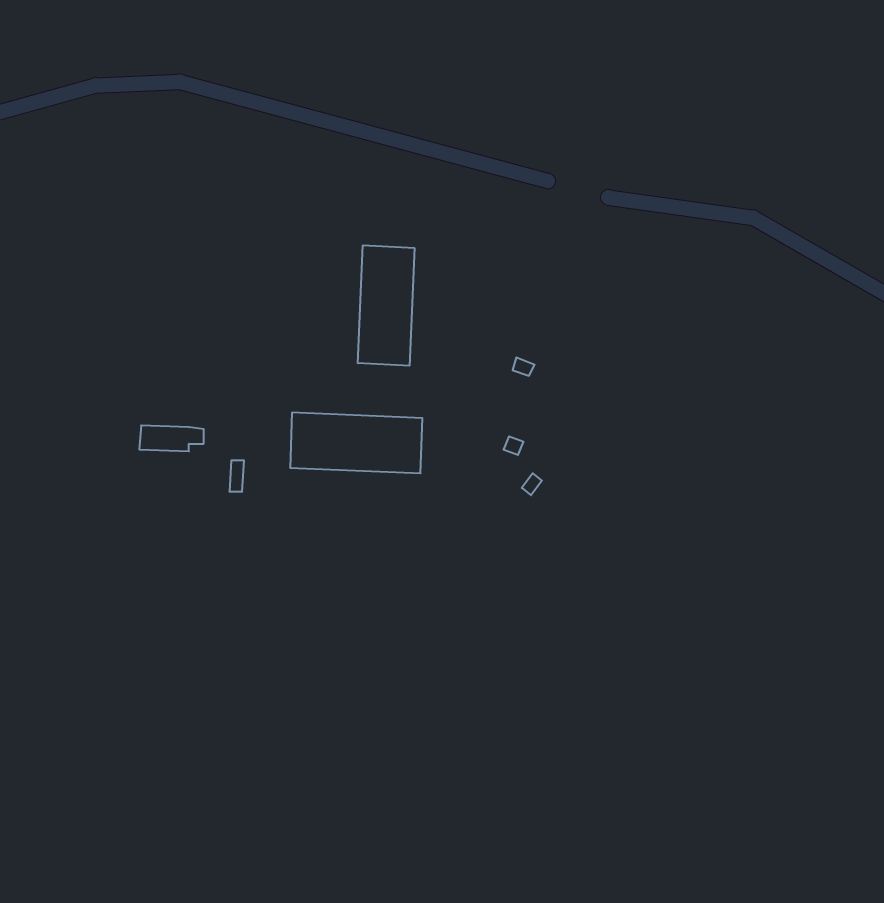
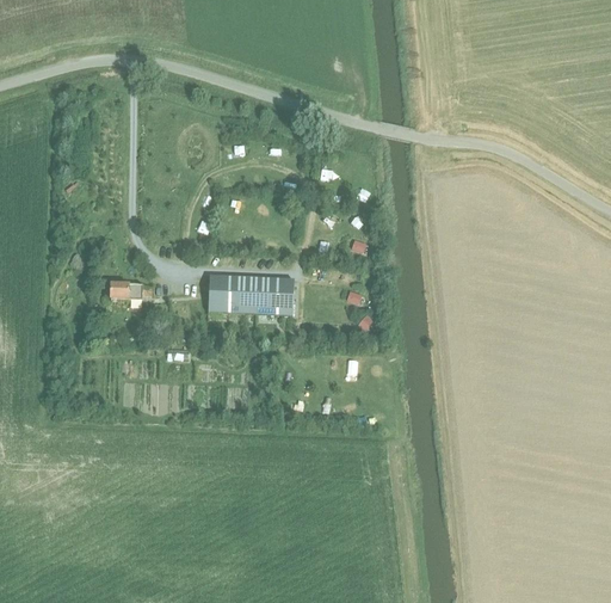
building: [358,245,414,366] -> none

